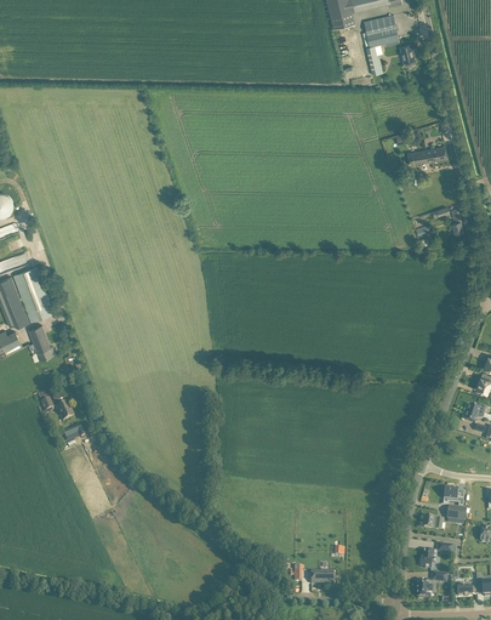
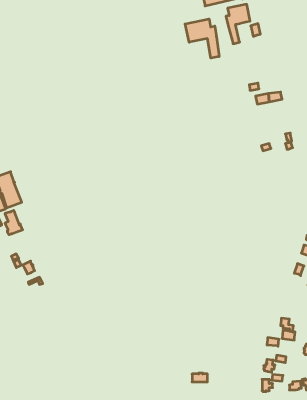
building: none -> [185,19,219,58]

